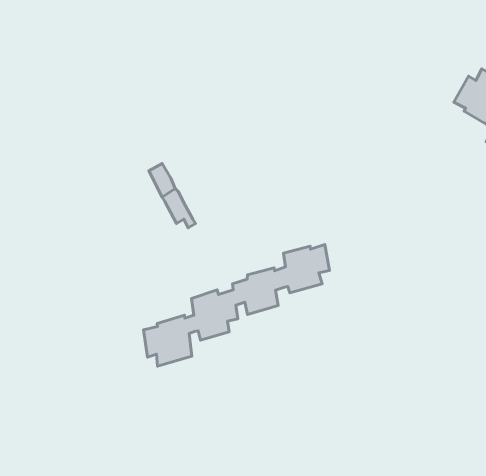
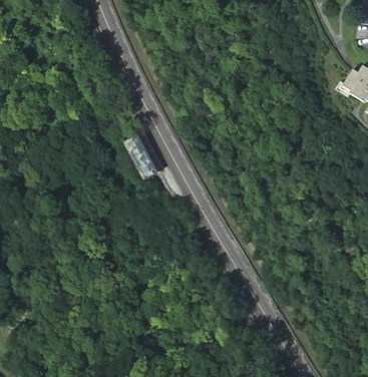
building: [144,244,329,366] -> none

